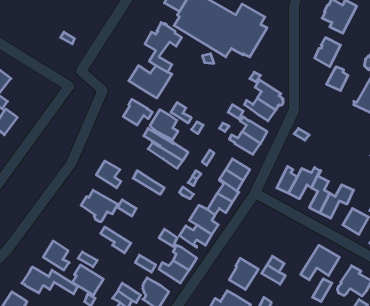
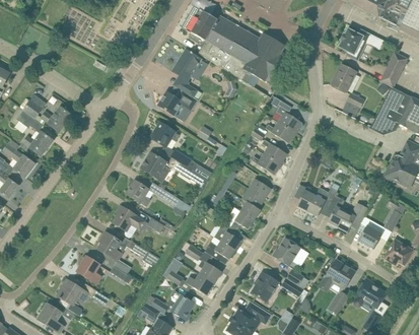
building: none -> [40,106,70,131]
building: [150,110,178,140] -> [140,151,166,180]
building: none -> [274,237,300,266]
building: [72,265,103,295] -> [96,231,126,260]

